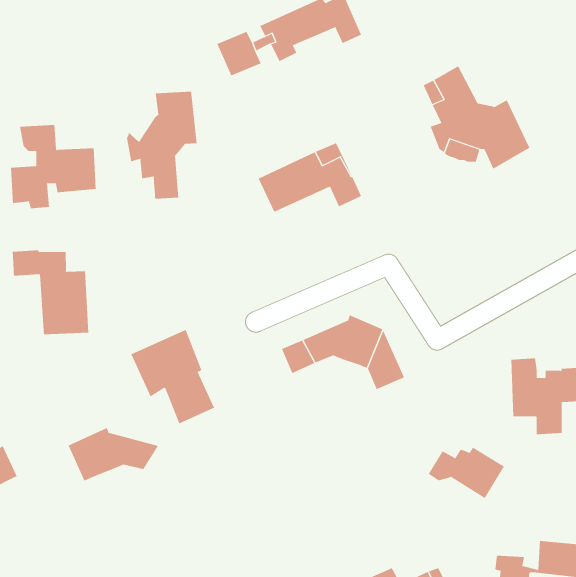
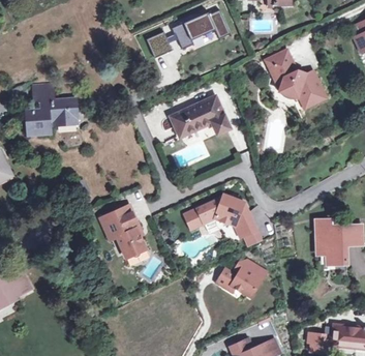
building: [126,91,197,199] -> none
building: [12,250,89,335] -> none
building: [68,427,159,481] -> none
building: [428,447,505,499] -> [217,266,262,296]

